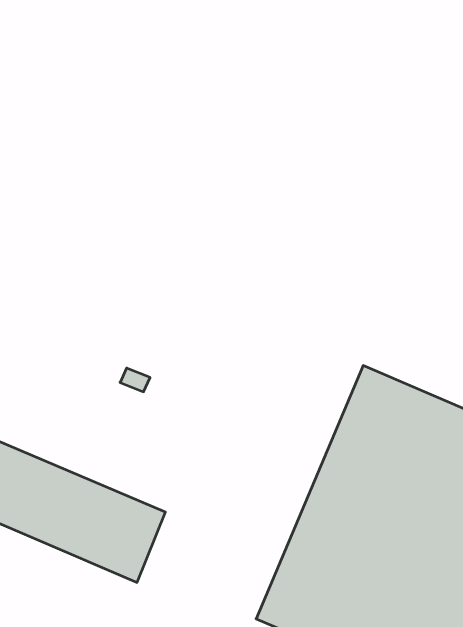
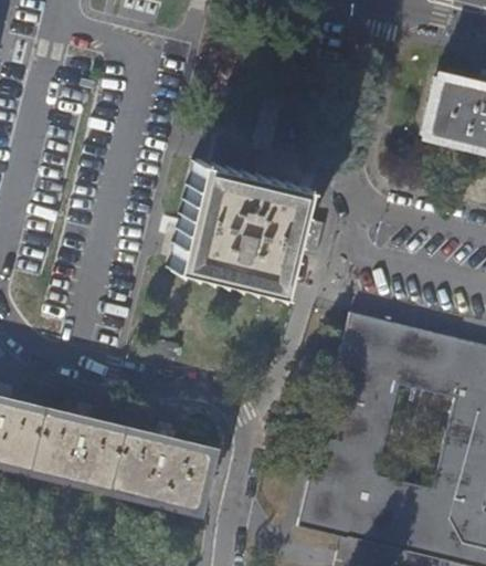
building: none -> [172,164,303,295]

